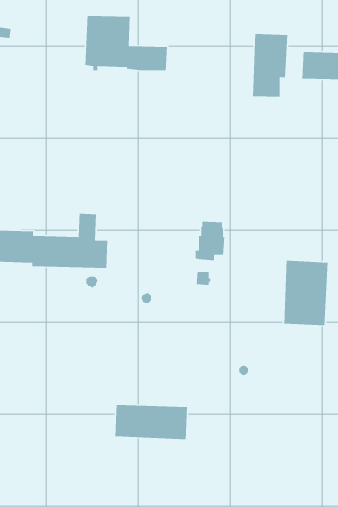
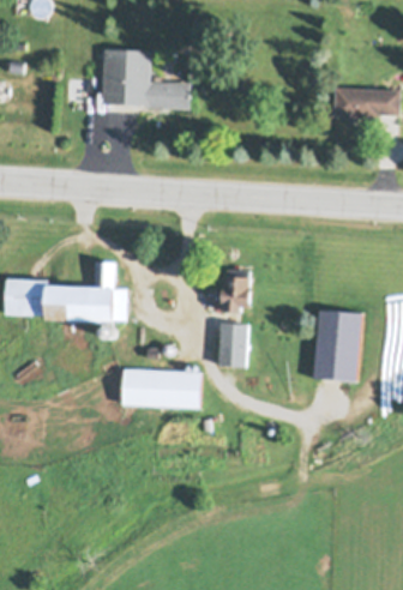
building: [252,33,288,97] -> none
building: none -> [219,344,253,362]
building: [115,404,188,440] -> [122,369,200,408]

